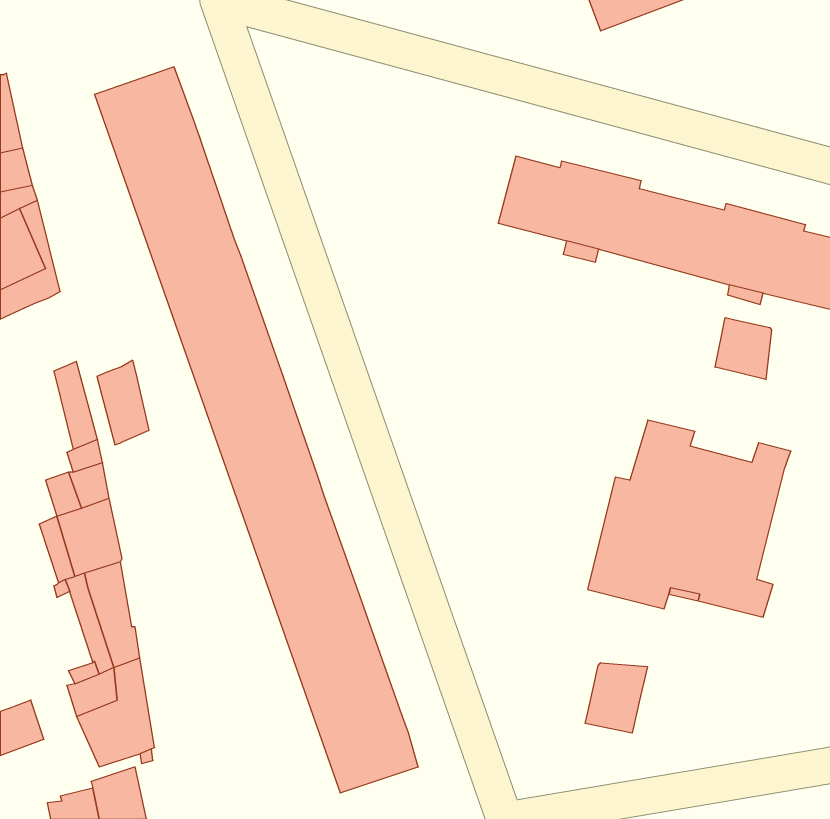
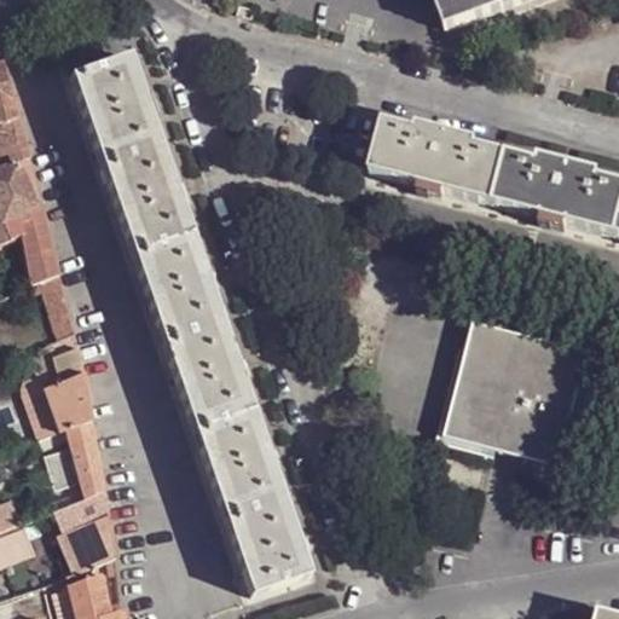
building: [715,318,772,380] -> none
building: [97,360,149,445] -> [19,216,58,279]
building: [585,663,647,733] -> none

